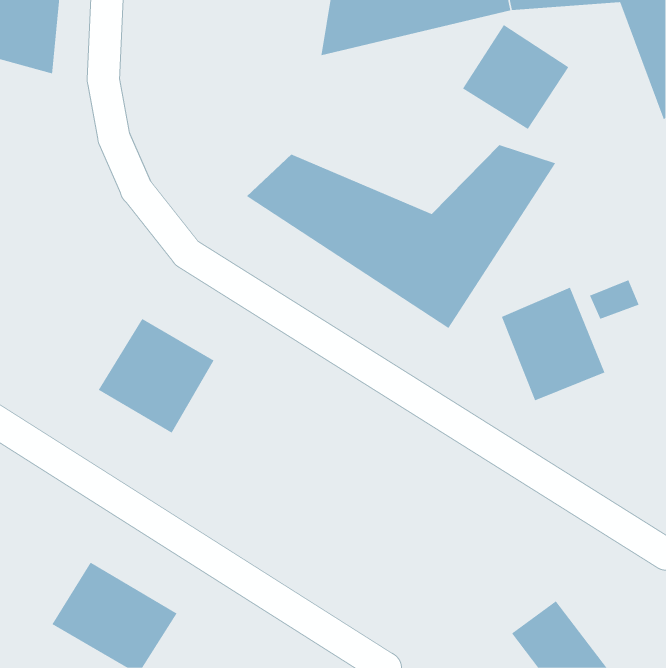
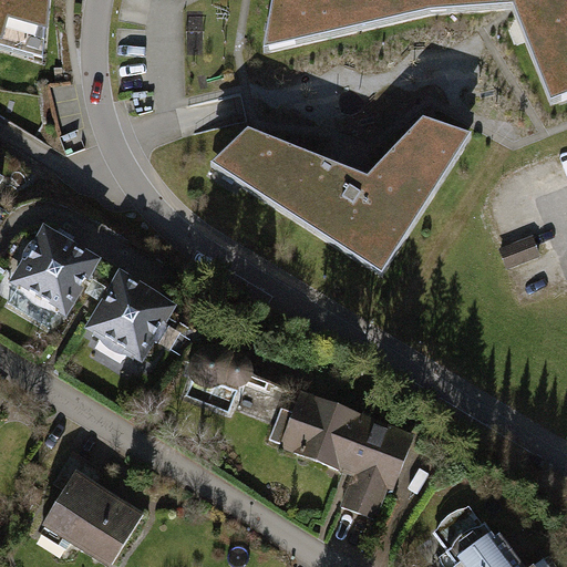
building: [462,24,569,130] -> none
building: none -> [6,220,102,315]
building: [501,287,605,401] -> none
building: none -> [276,385,416,522]

